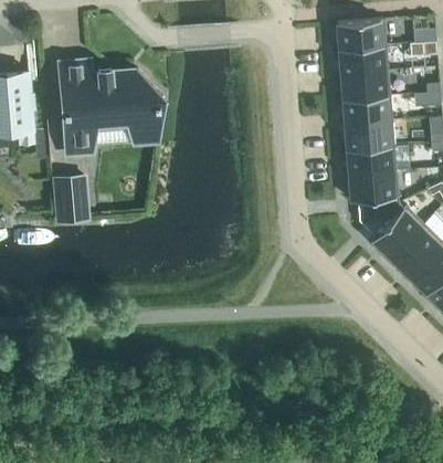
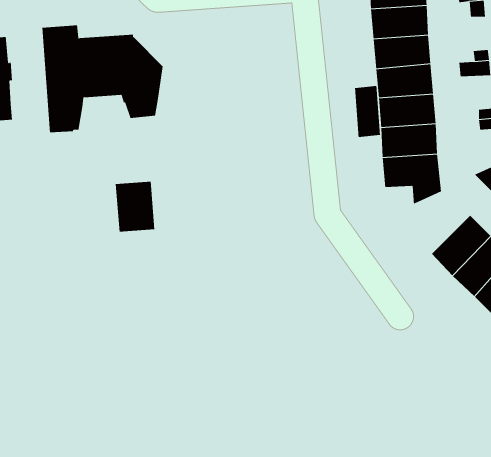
building: none -> [355,85,380,138]
building: [53,177,87,220] -> [115,181,155,232]
building: [371,203,423,256] -> none

